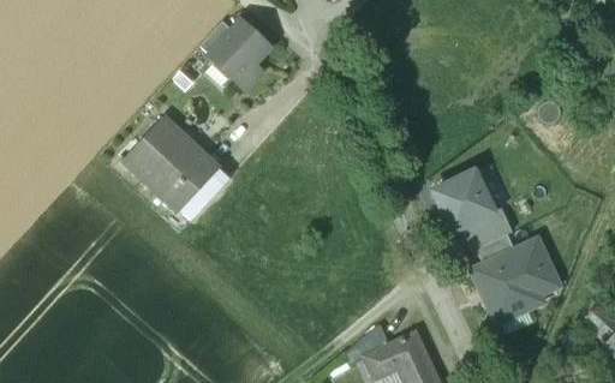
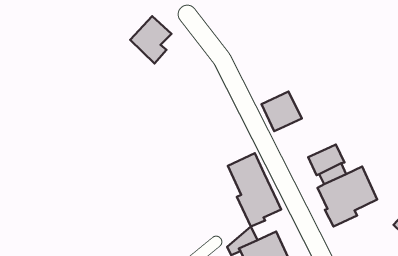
building: [119,115,219,204] -> none
building: [435,172,492,228] -> [261,91,302,131]
building: none -> [228,153,281,227]

